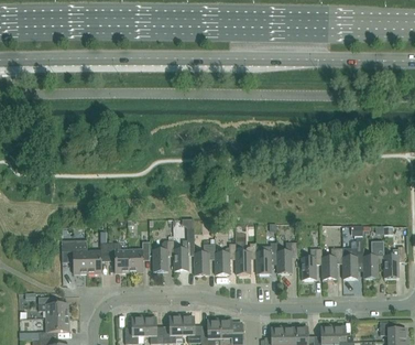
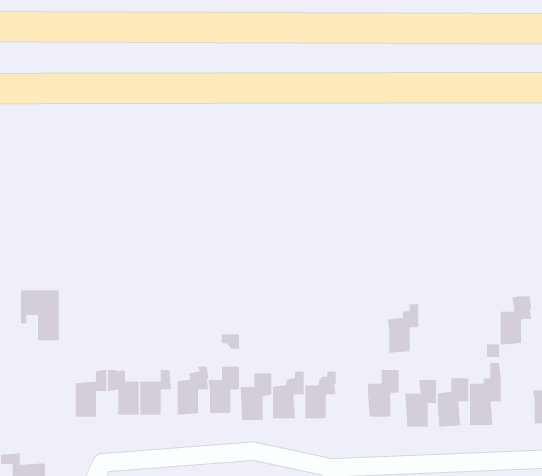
building: [62,240,87,273] -> [20,290,59,341]
building: [255,242,276,274] -> [387,304,419,353]
building: [363,247,384,279] -> [500,296,532,345]

